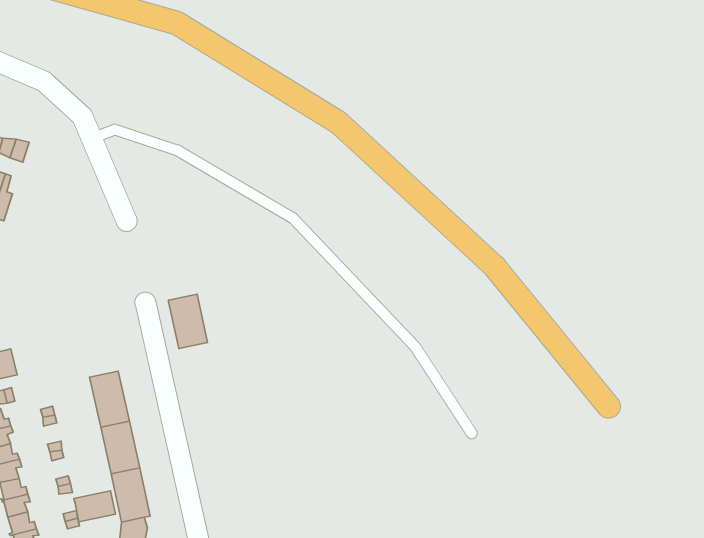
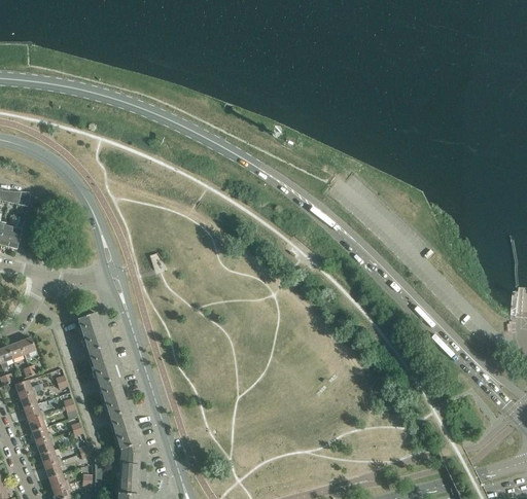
building: [168,294,207,349] -> [77,313,107,352]
building: [74,491,115,522] -> none

